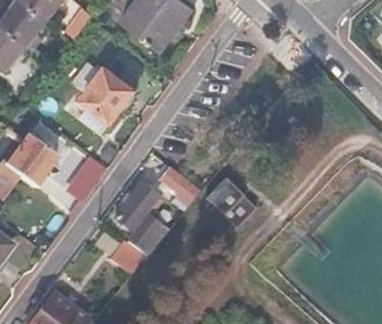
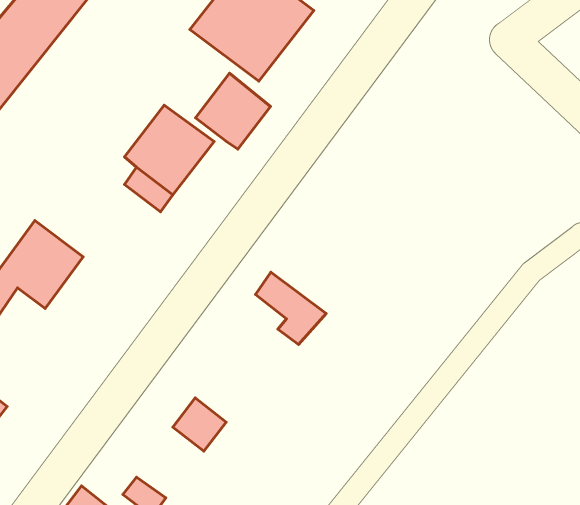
building: none -> [196,73,271,149]
building: [207,177,256,234] -> none
building: [116,183,168,255] -> none

